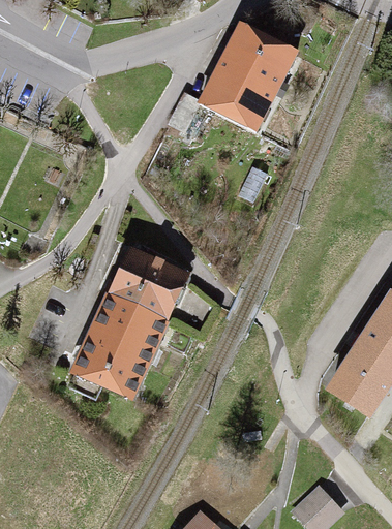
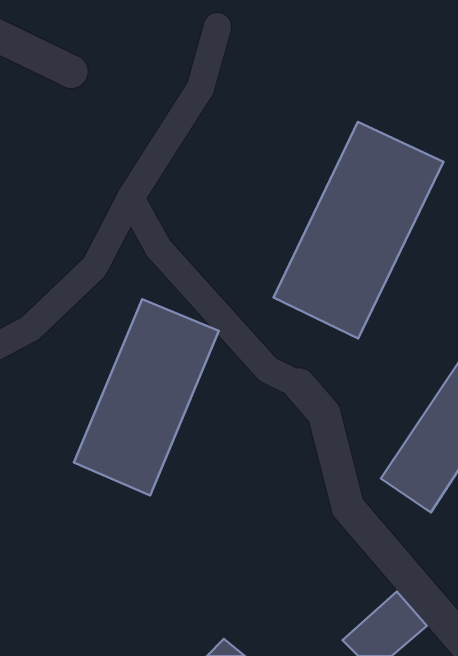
building: [190,24,287,127] -> none
building: none -> [274,122,444,338]

